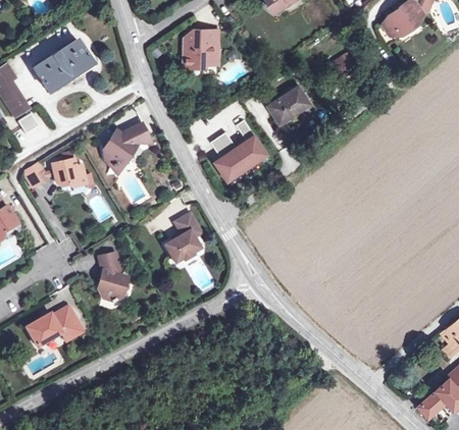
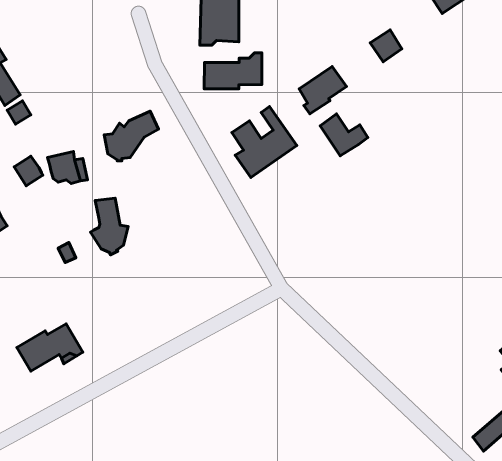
building: [33,41,92,92] -> none
building: none -> [204,53,262,89]
building: none -> [320,114,368,156]
building: [163,214,201,264] -> none
building: [94,255,126,304] -> [90,198,128,255]

